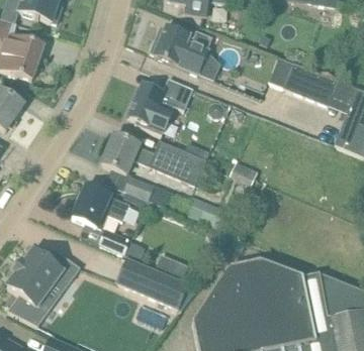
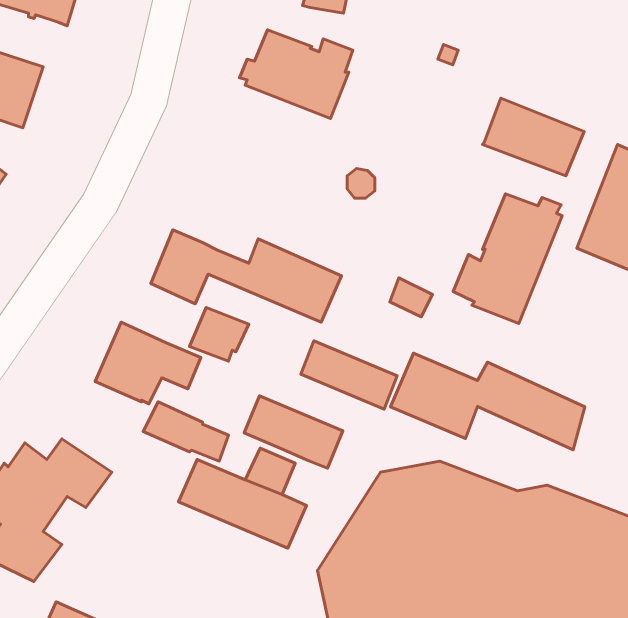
building: [128,78,193,134] -> none
building: none -> [453,194,562,324]
building: none -> [391,353,585,450]
building: none -> [244,396,343,468]

